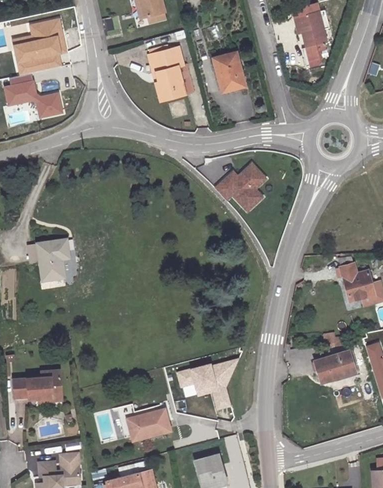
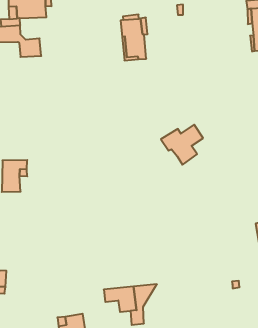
building: [214,53,244,93] -> none
building: [315,351,356,384] -> none

